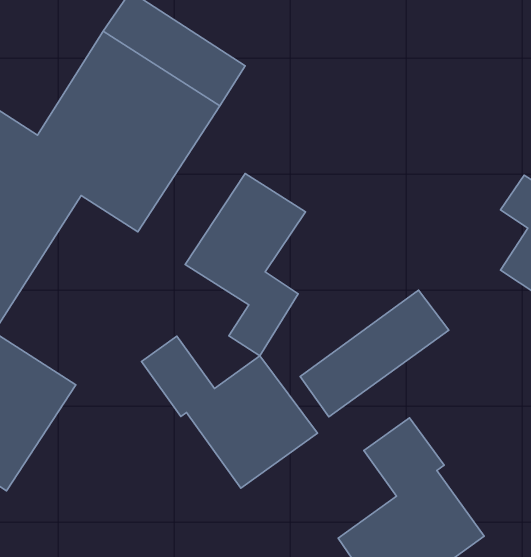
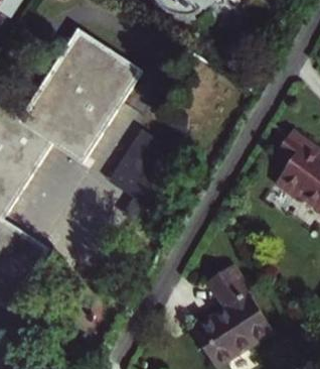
building: [300,290,449,417] -> none
building: [142,336,317,488] -> none

